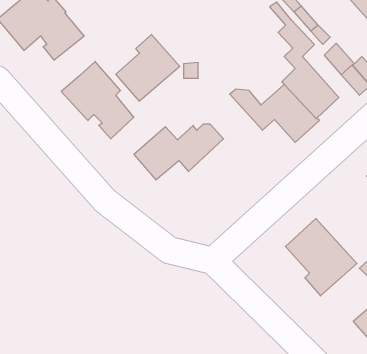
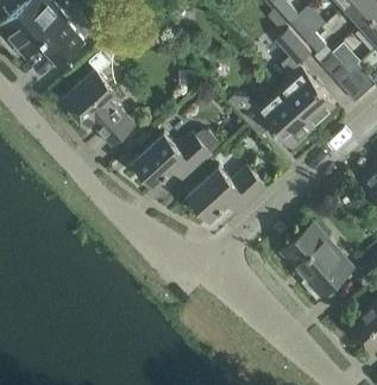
building: [116,34,180,101] -> none
building: none -> [189,165,268,219]

